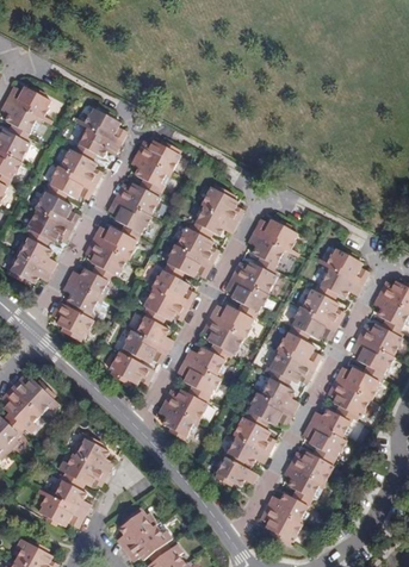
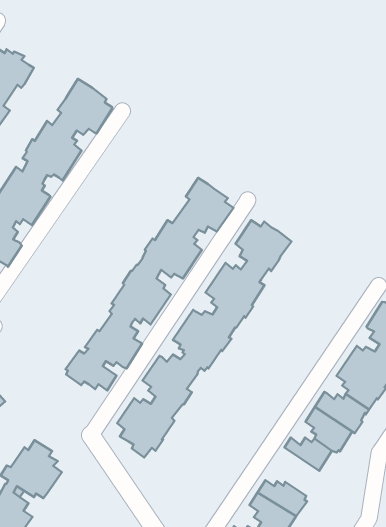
building: [50,139,180,343] -> none
building: [212,248,367,487] -> none
building: [300,419,347,461] -> none

